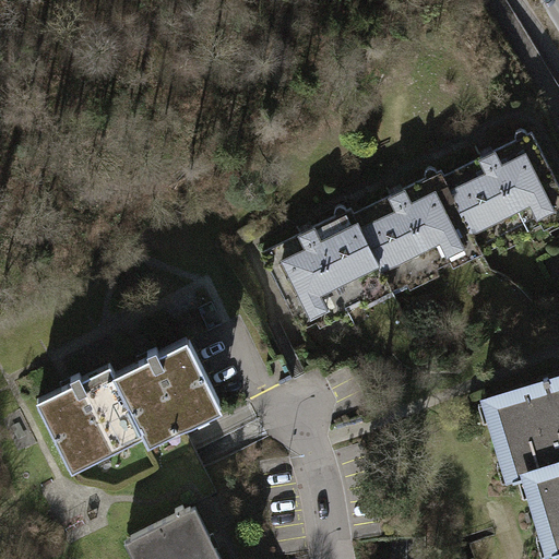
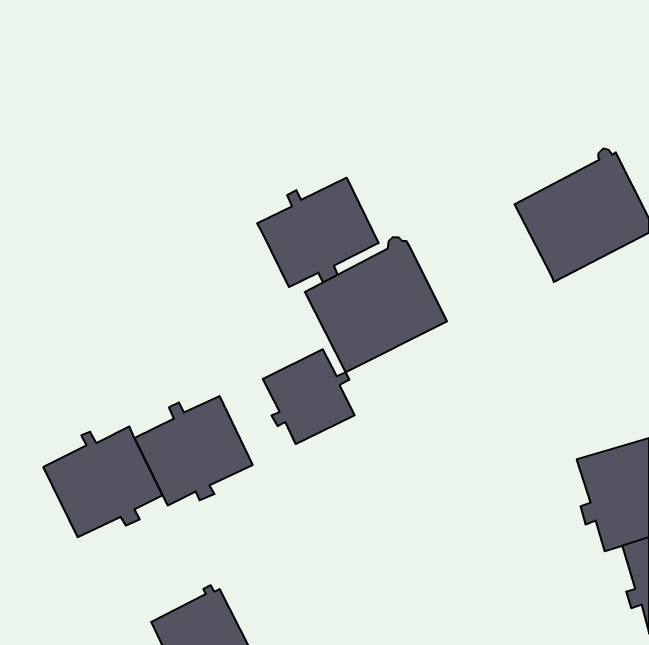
building: none -> [257,178,379,287]
building: [353,168,474,284] -> none
building: none -> [263,349,355,444]

